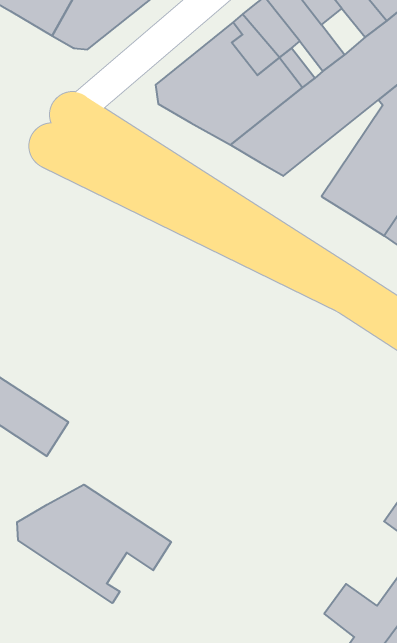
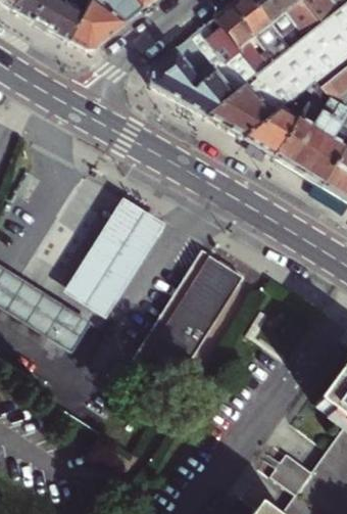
building: none -> [247,81,321,153]
building: none -> [64,198,166,320]
building: none -> [143,245,254,379]
building: [17,485,171,603] -> none

